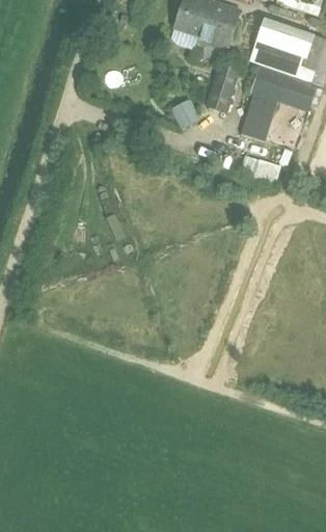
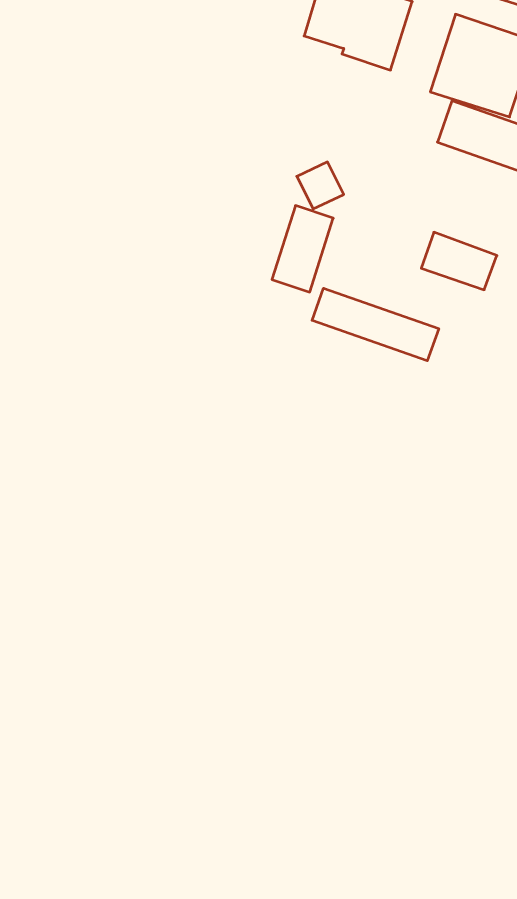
building: [205,63,240,113] -> [272,206,333,292]
building: [244,97,273,139] -> none
building: none -> [312,288,439,361]

